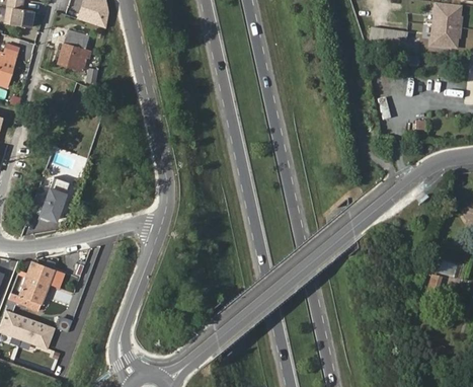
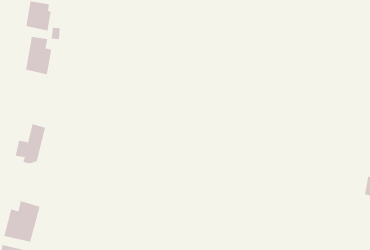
building: none -> [26,36,52,75]

